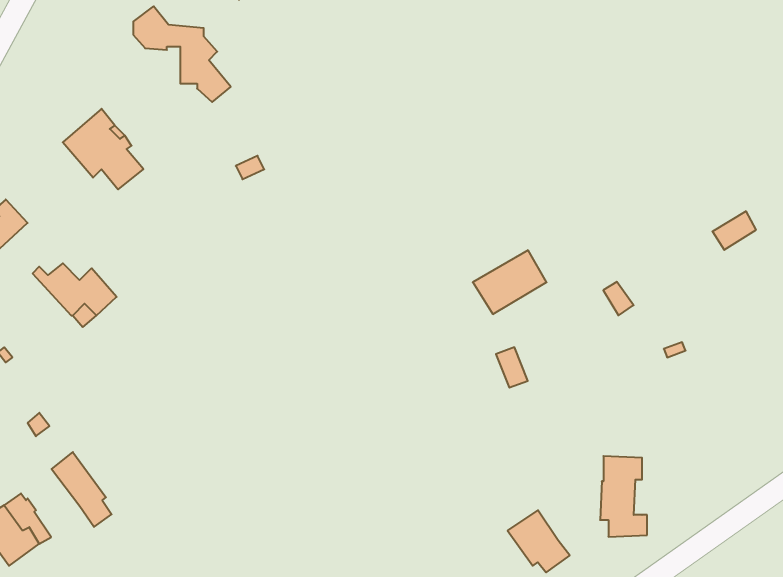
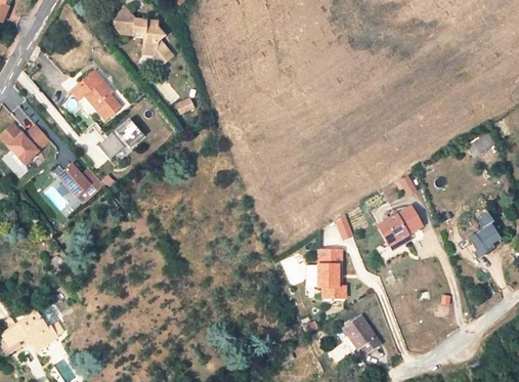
building: none -> [97,119,143,159]
building: [473,250,547,314] -> [377,206,422,245]
building: none -> [468,222,500,252]
building: [52,452,112,527] -> none
building: [600,456,647,537] -> [316,249,345,298]

